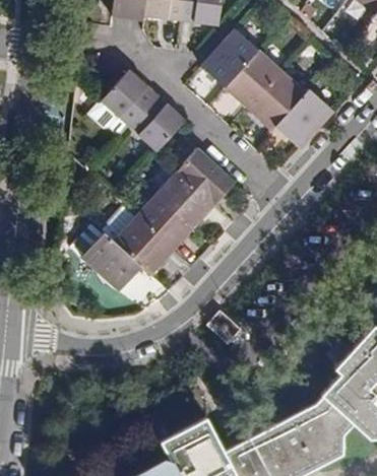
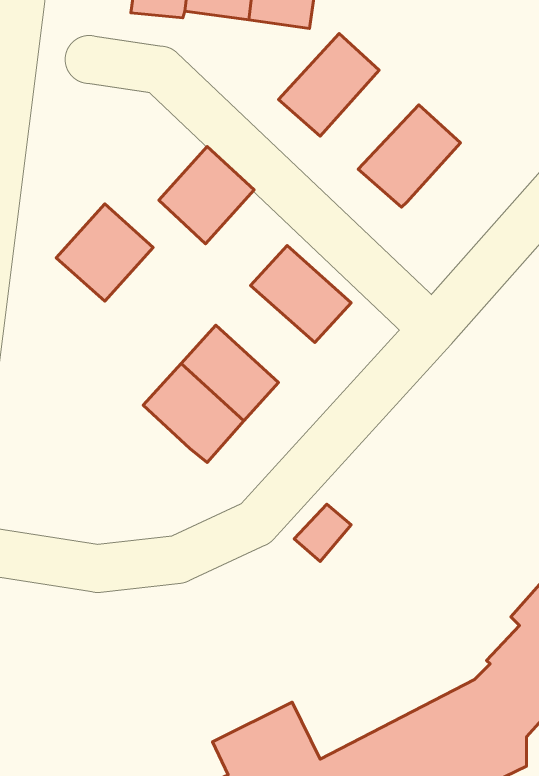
building: [223,50,280,108] -> none
building: [100,69,156,126] -> [56,204,153,301]
building: [273,89,333,149] -> none
building: [162,176,219,232] -> none
building: [89,236,146,292] -> none

